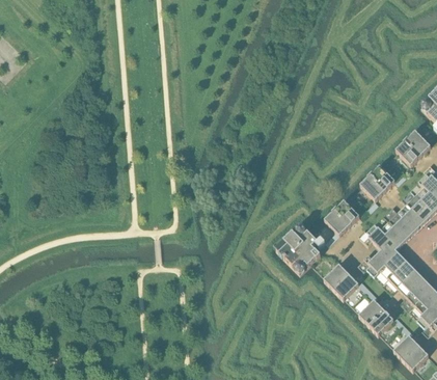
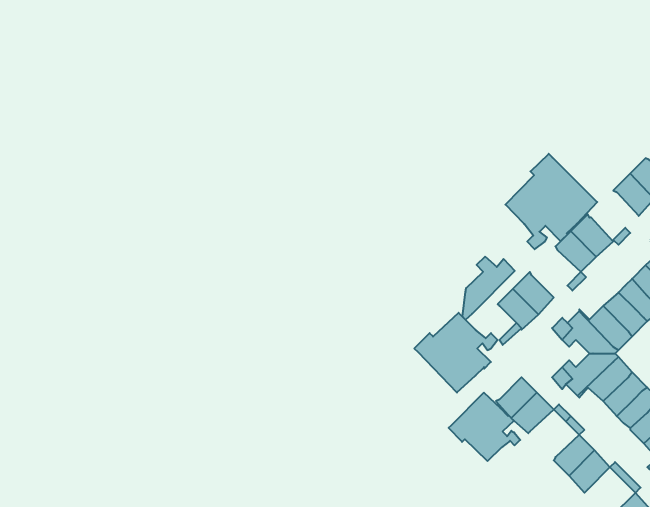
building: none -> [505,154,597,249]
building: none -> [462,257,515,320]
building: none -> [449,393,520,461]

